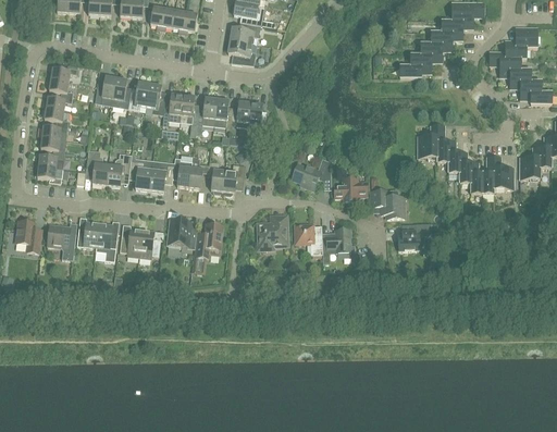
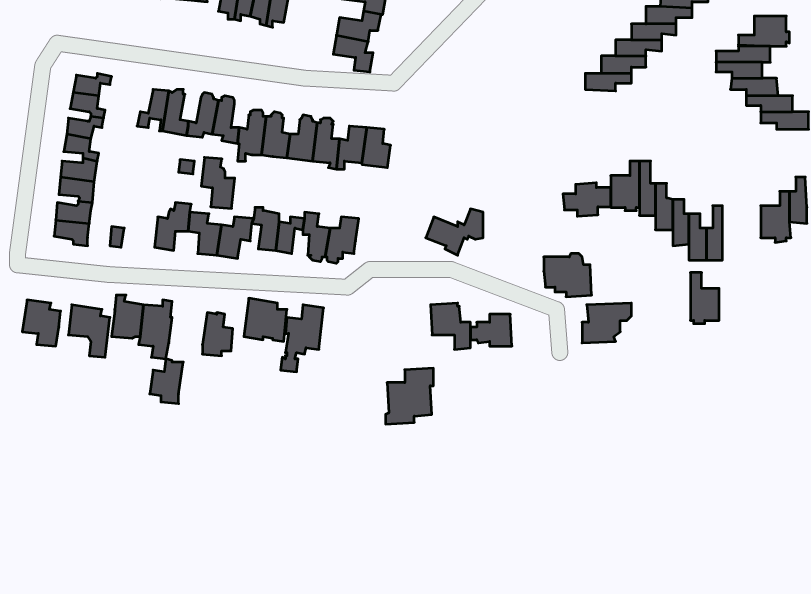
building: [85,149,108,184] -> [201,157,235,208]
building: [493,156,512,190] -> [690,273,719,324]
building: [334,177,367,200] -> [563,183,611,216]
building: [255,212,287,250] -> [386,368,433,424]
building: [119,226,141,257] -> [150,359,183,404]

